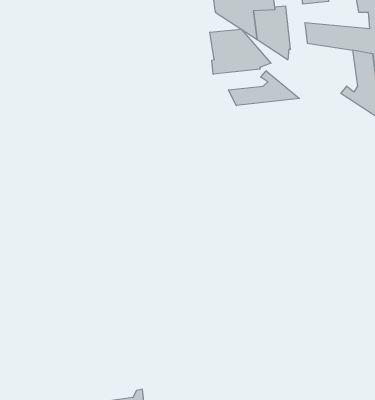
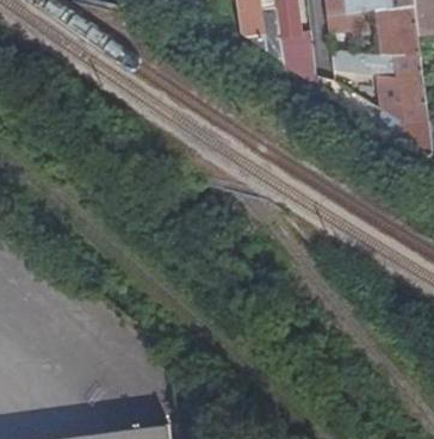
building: [210,29,271,74] -> none
building: [229,71,299,106] -> none

